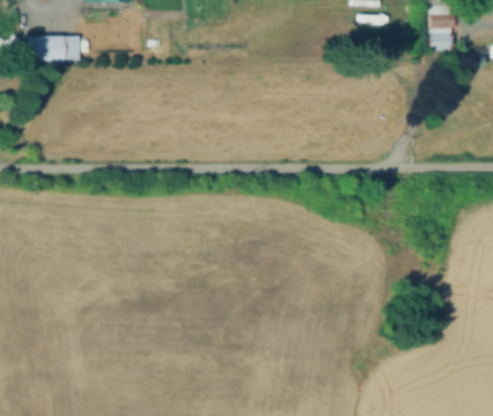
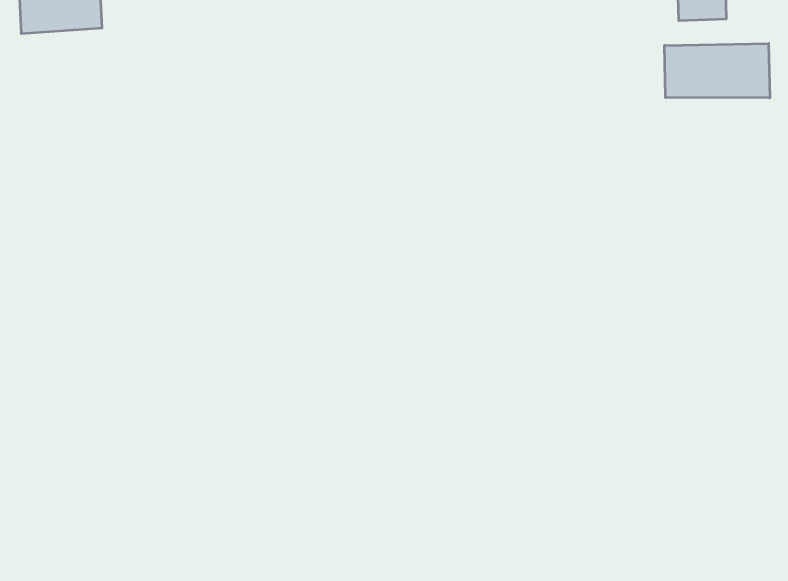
building: none -> [665,43,770,98]

